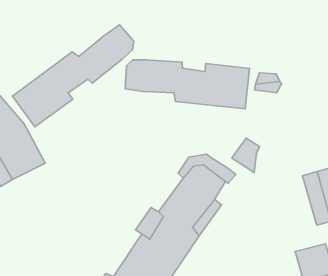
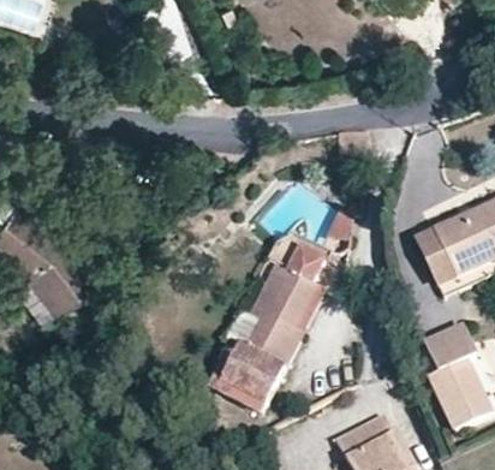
building: [12,25,134,127] -> none
building: [125,60,250,109] -> none

